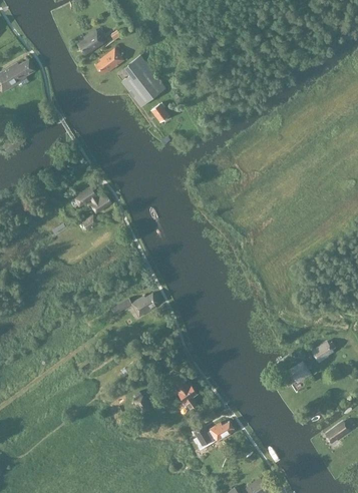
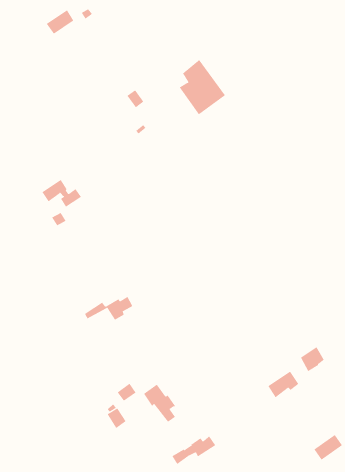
building: [95,46,124,74] -> none
building: [122,54,165,105] -> [179,59,226,115]

